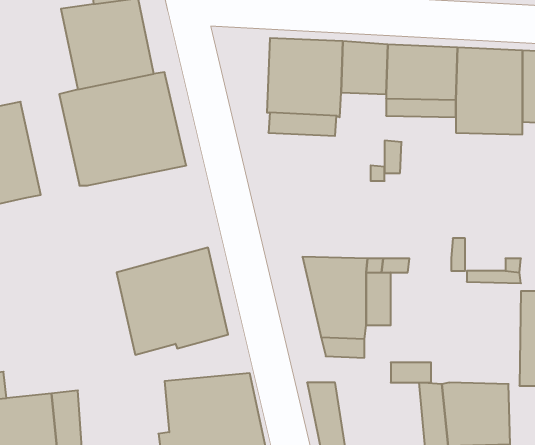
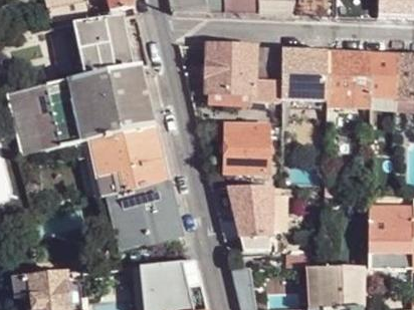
building: none -> [46,79,84,144]
building: none -> [89,124,168,197]
building: none -> [225,124,268,172]

